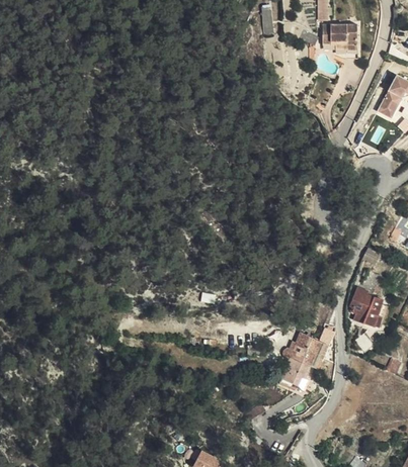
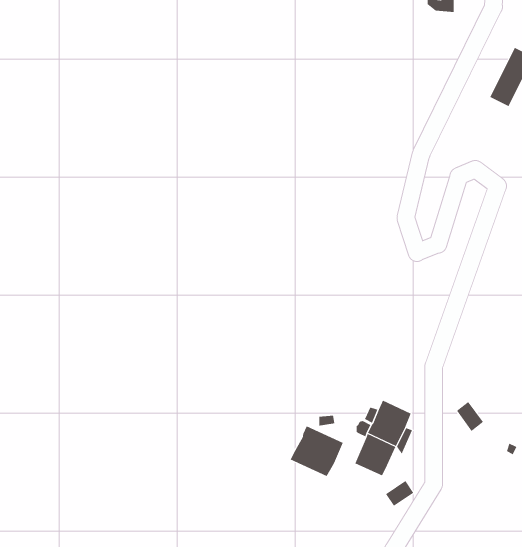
building: [350,287,387,329] -> none
building: none -> [290,425,344,477]

